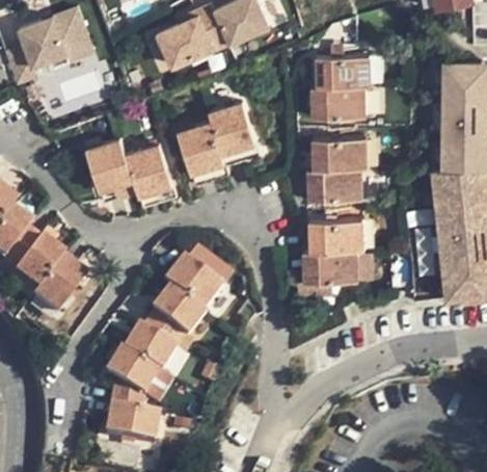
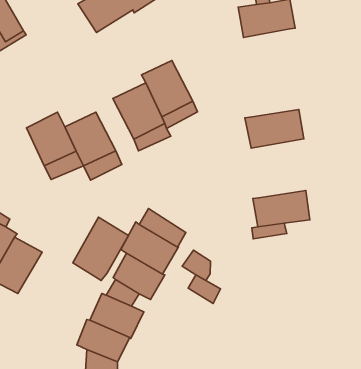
building: [308,85,363,116] -> none
building: [310,137,366,168] -> none
building: [307,219,362,251] -> none
building: none -> [73,217,128,281]

